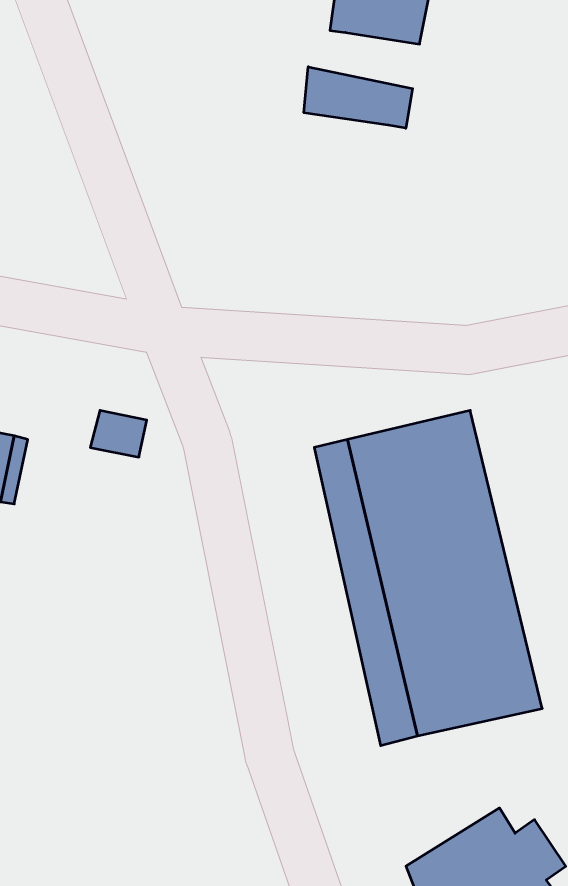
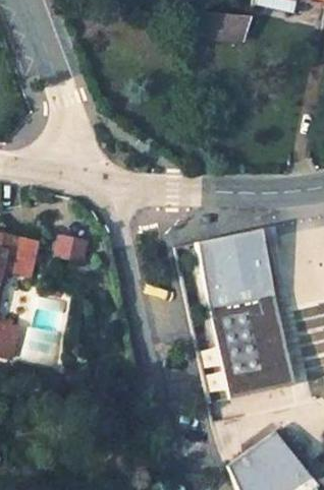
building: [304,67,413,128] -> none

